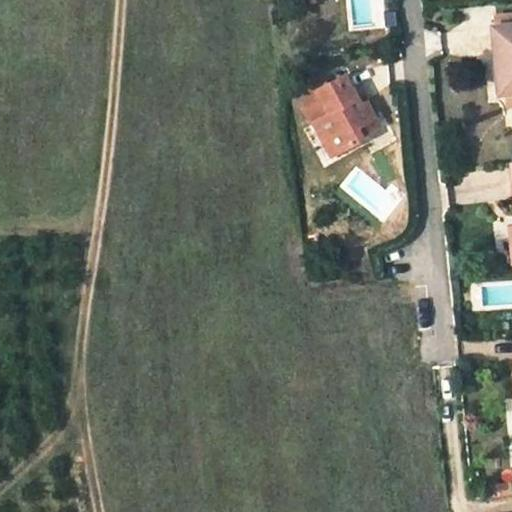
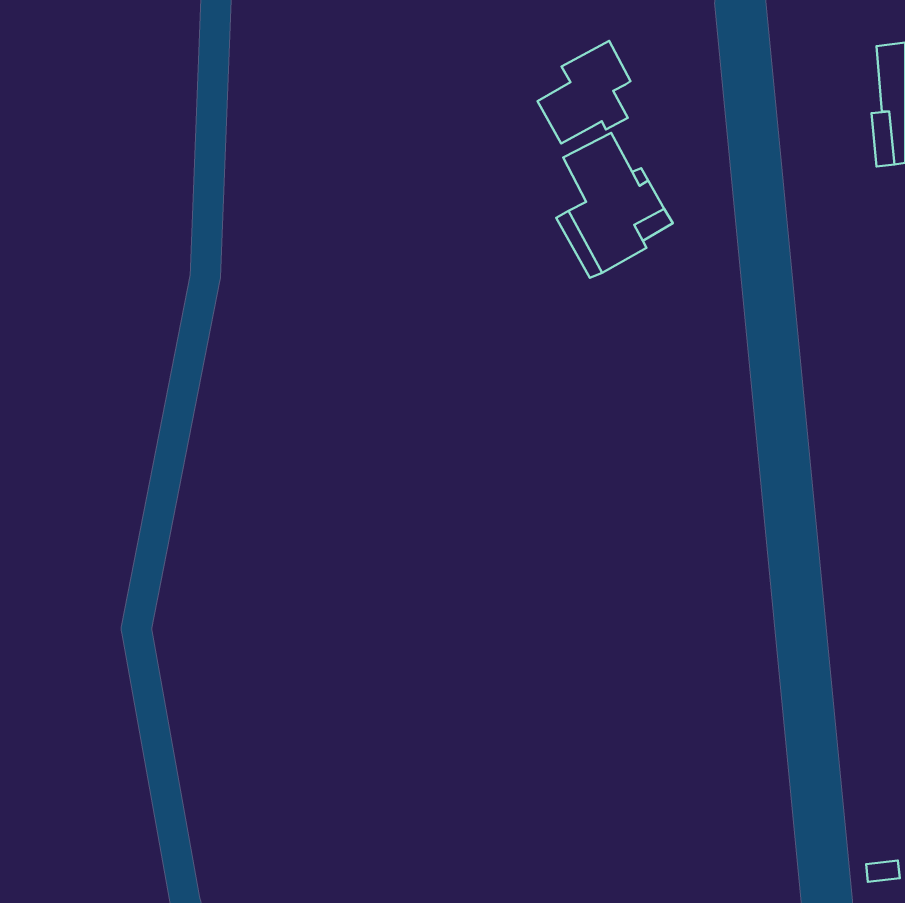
building: none -> [537,41,631,143]

